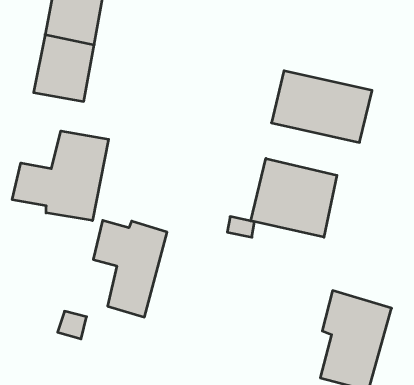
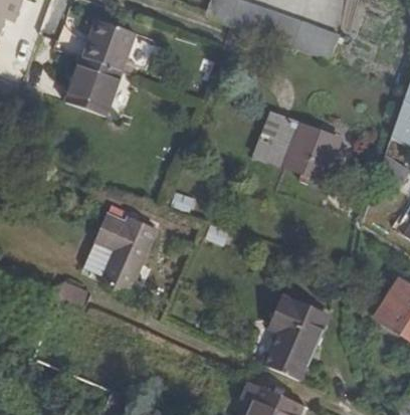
building: [12,131,109,221] -> none
building: [251,158,337,237] -> none

